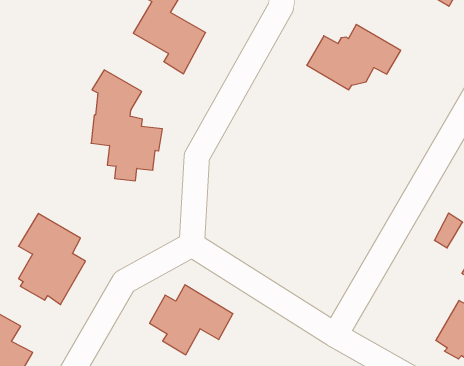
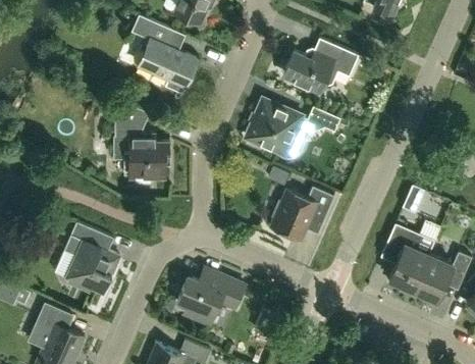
building: none -> [247,100,340,157]
building: none -> [271,188,334,240]
building: none -> [380,224,428,290]

